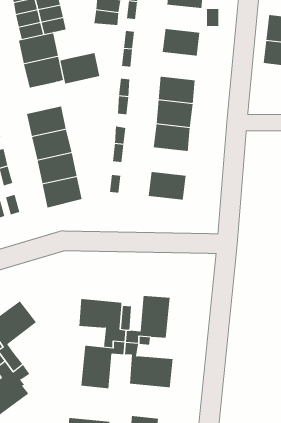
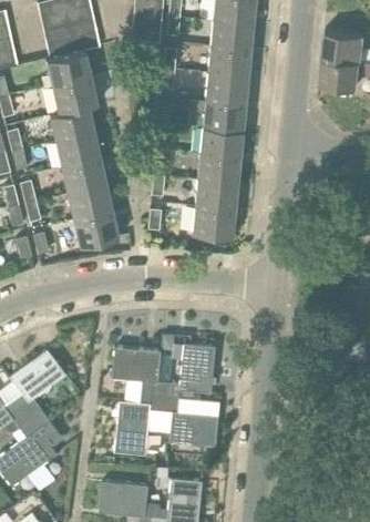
building: none -> [210,20,253,51]
building: none -> [205,73,247,104]
building: [60,52,100,84] -> [50,106,95,142]
building: none -> [185,180,237,211]

